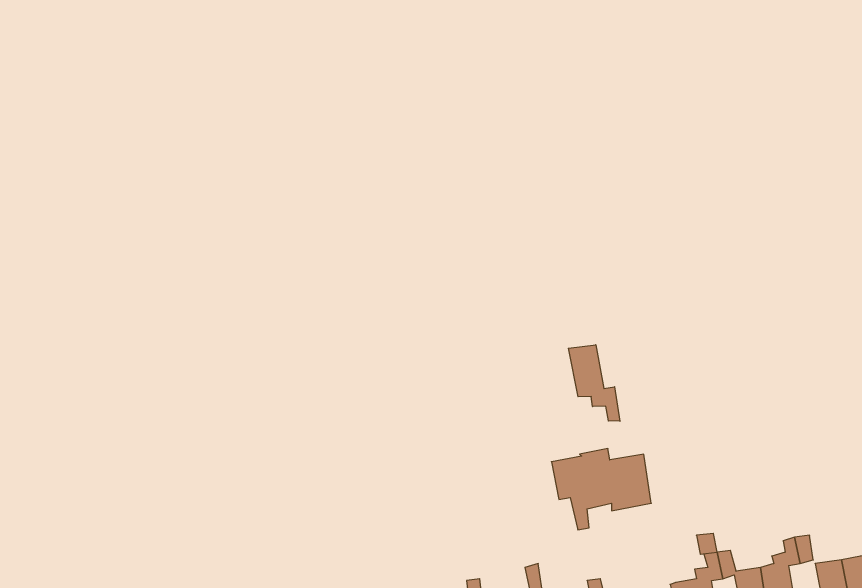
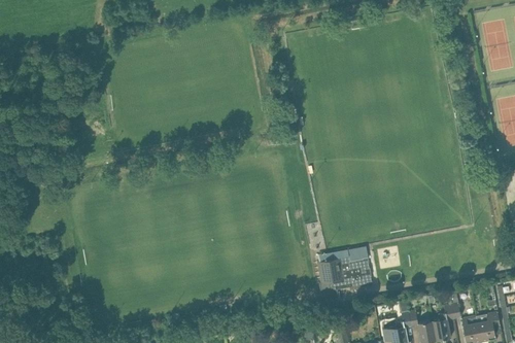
building: [568,345,620,421] -> none

